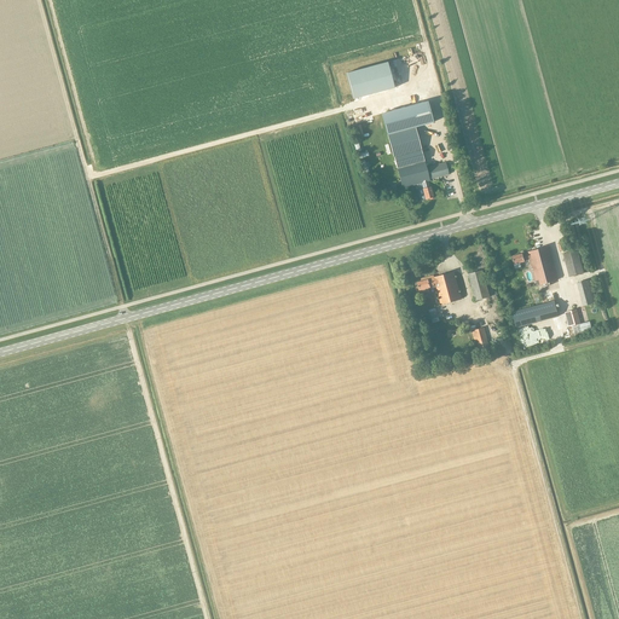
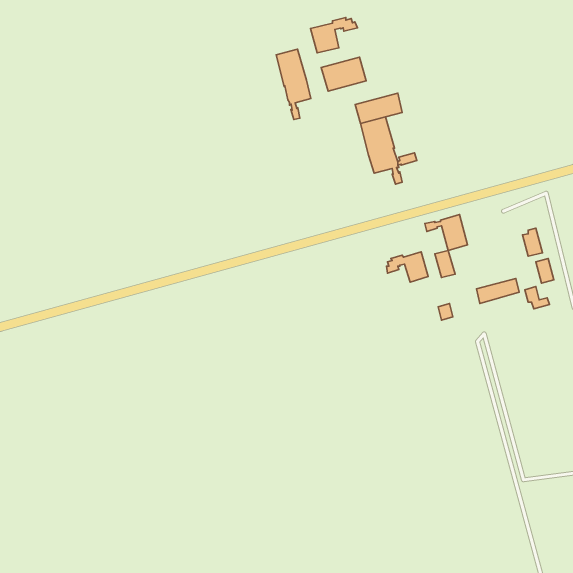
building: none -> [311,18,357,53]
building: none -> [276,49,311,119]
building: [513,245,559,284] -> [425,215,467,251]

